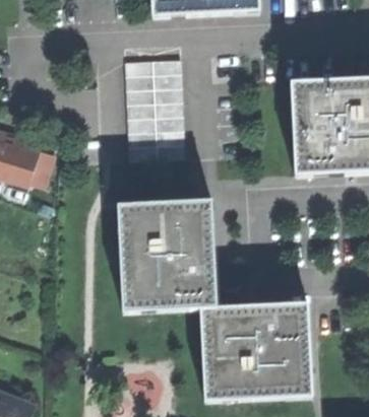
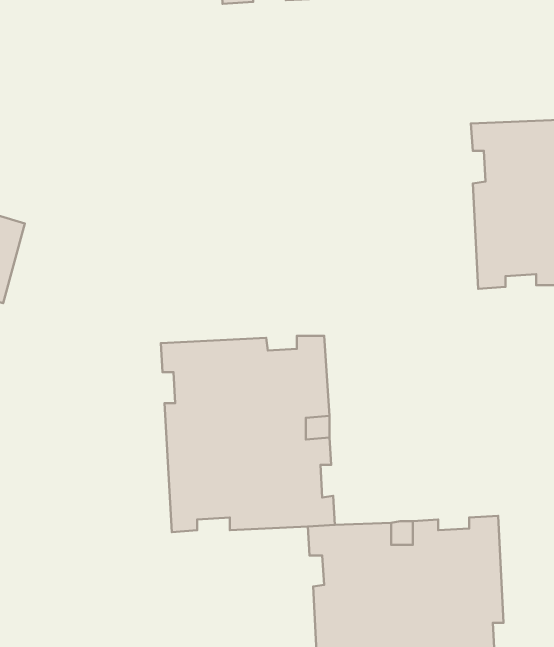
building: [124,59,185,160] -> none

